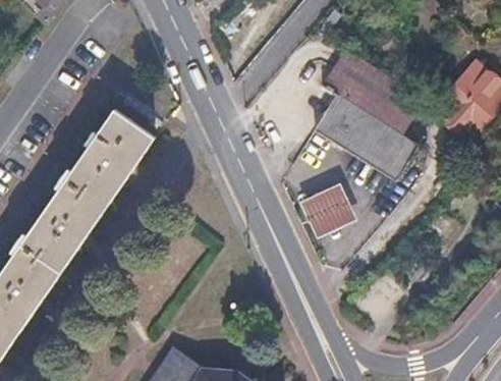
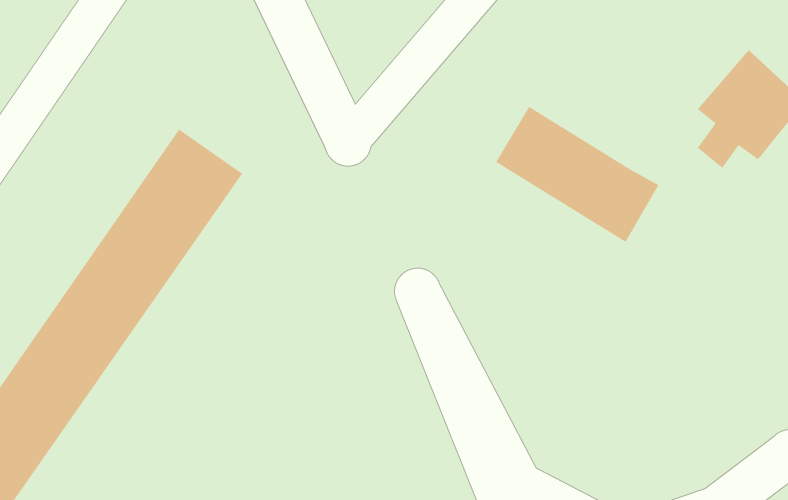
building: [321,52,421,135] -> none
building: [300,182,357,236] -> none

